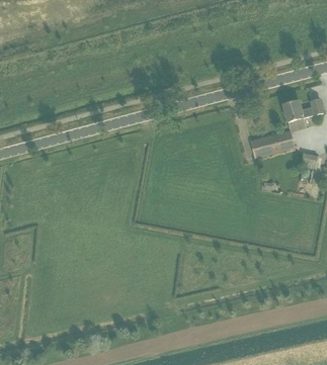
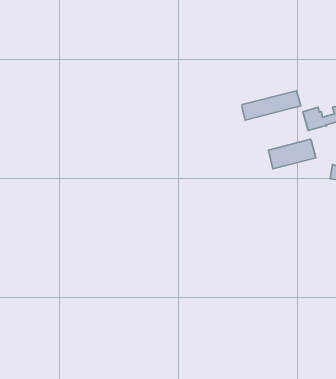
building: none -> [242,91,301,120]

